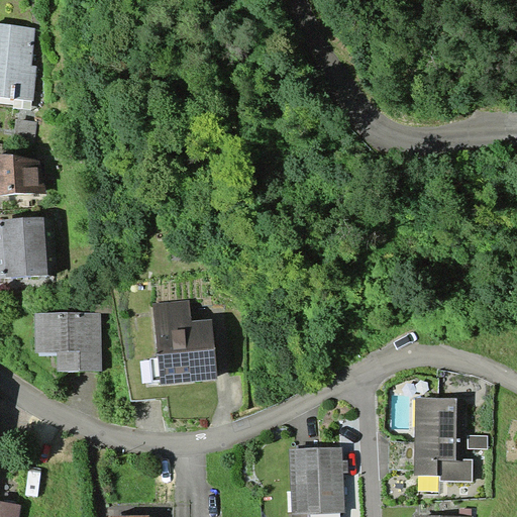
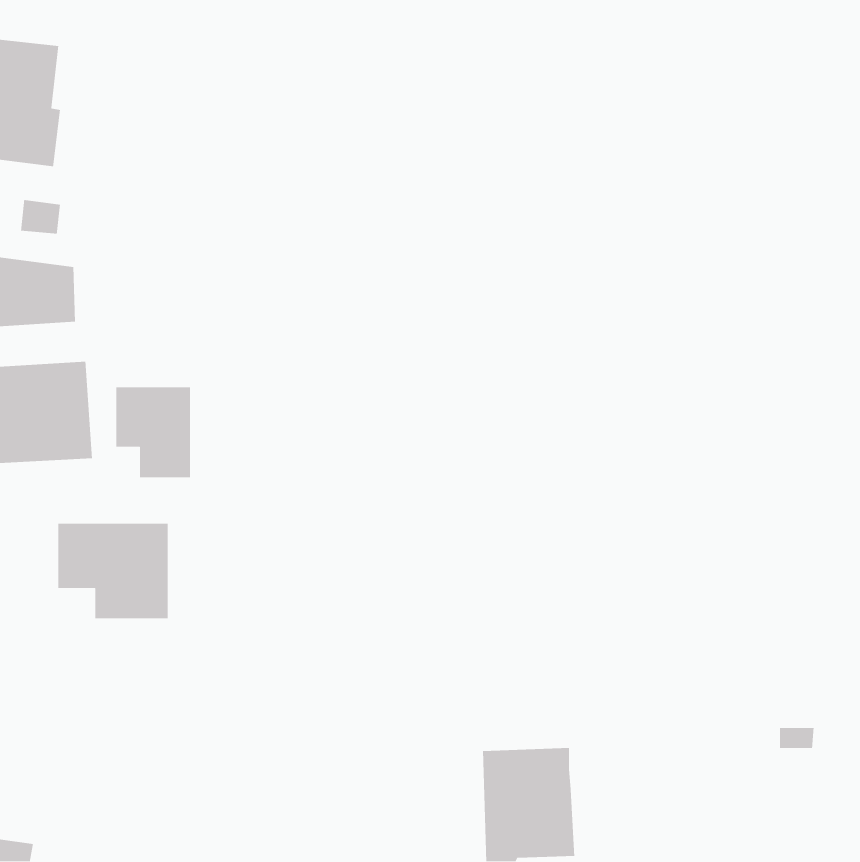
building: none -> [115,387,191,478]
building: [152,300,217,385] -> none
building: [413,397,473,482] -> none

